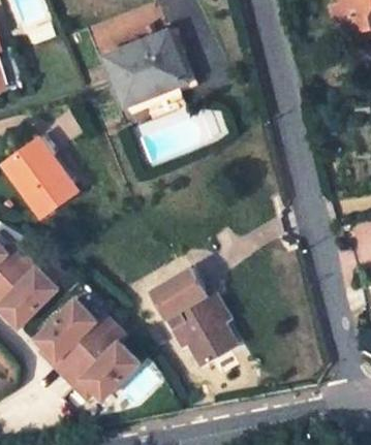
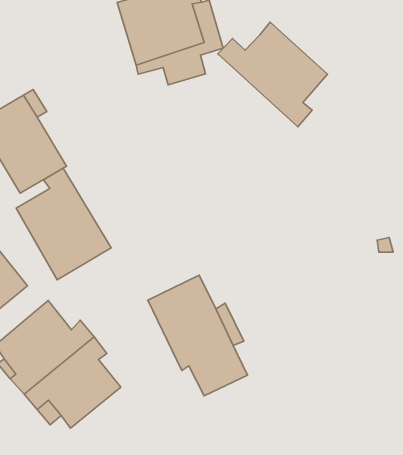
building: none -> [218,22,328,127]
building: none -> [16,168,111,280]

